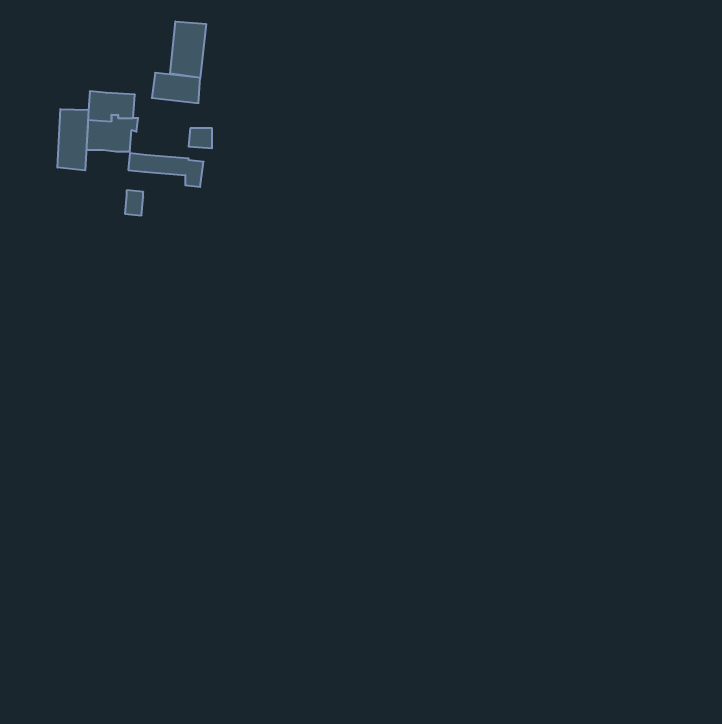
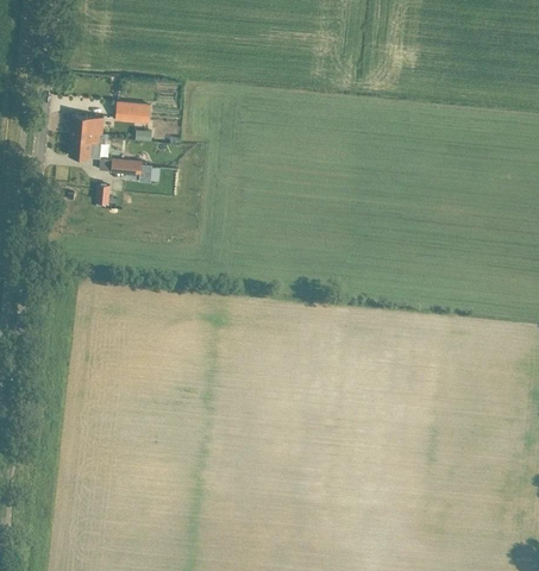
building: [170,21,206,78] -> none
building: [57,109,89,170] -> none

